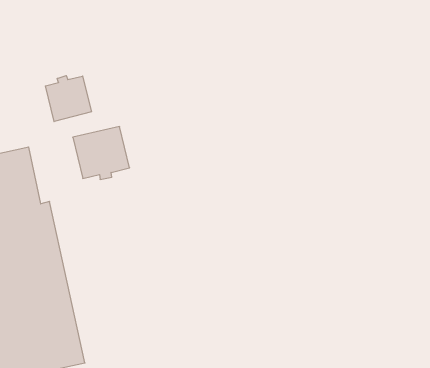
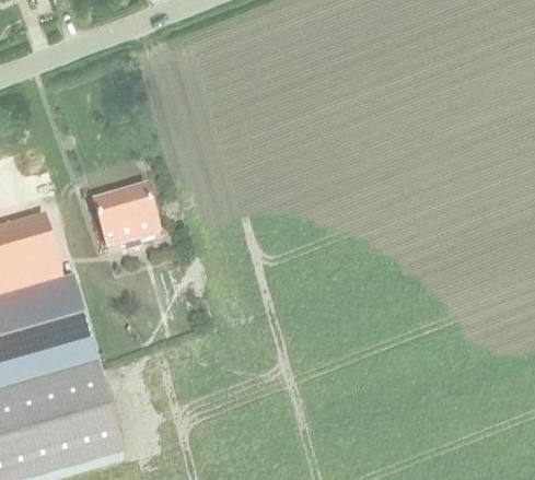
building: [45,76,91,122] -> none

